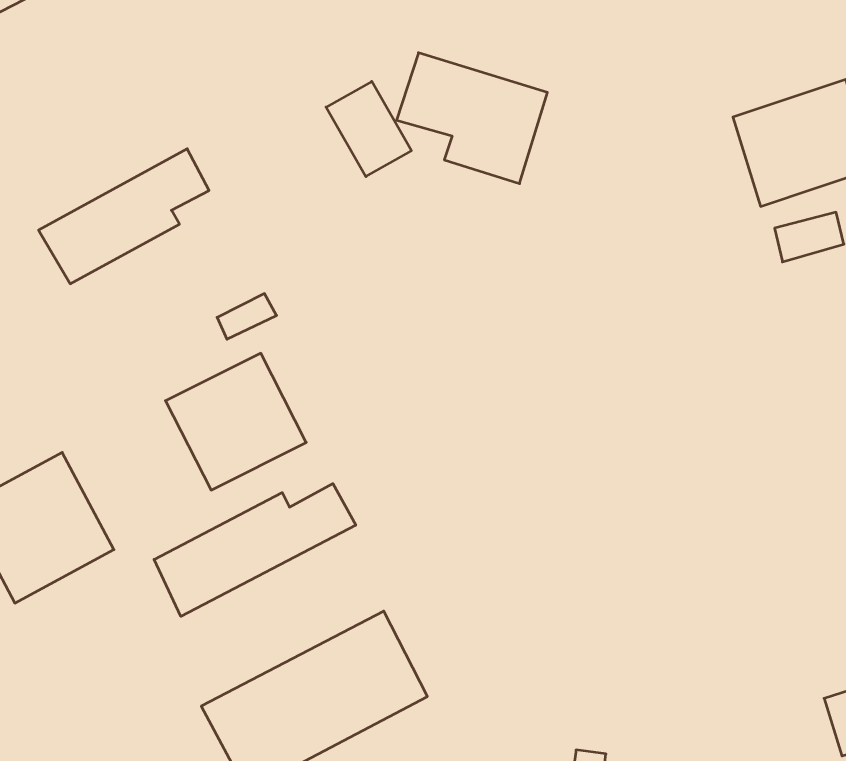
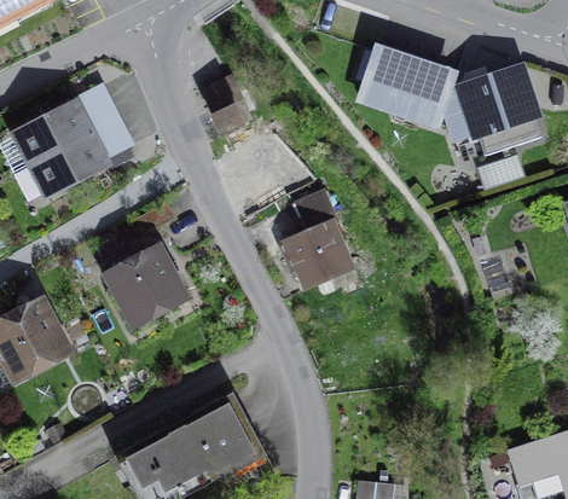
building: [397,53,547,184] -> [360,52,452,132]
building: none -> [11,85,118,166]
building: none -> [274,187,355,297]
building: [154,484,356,616] -> none

